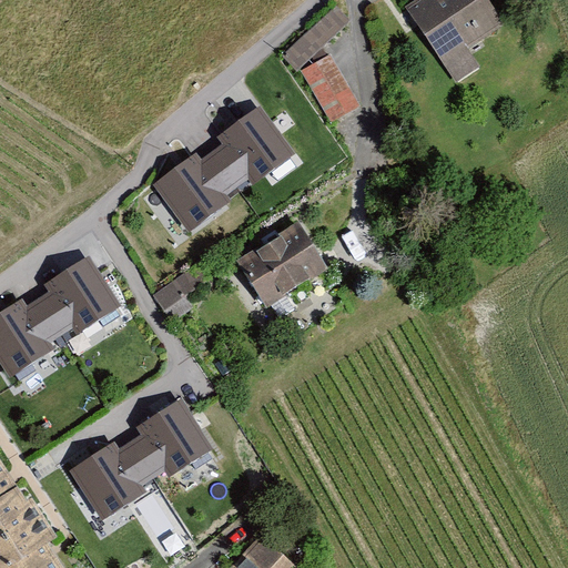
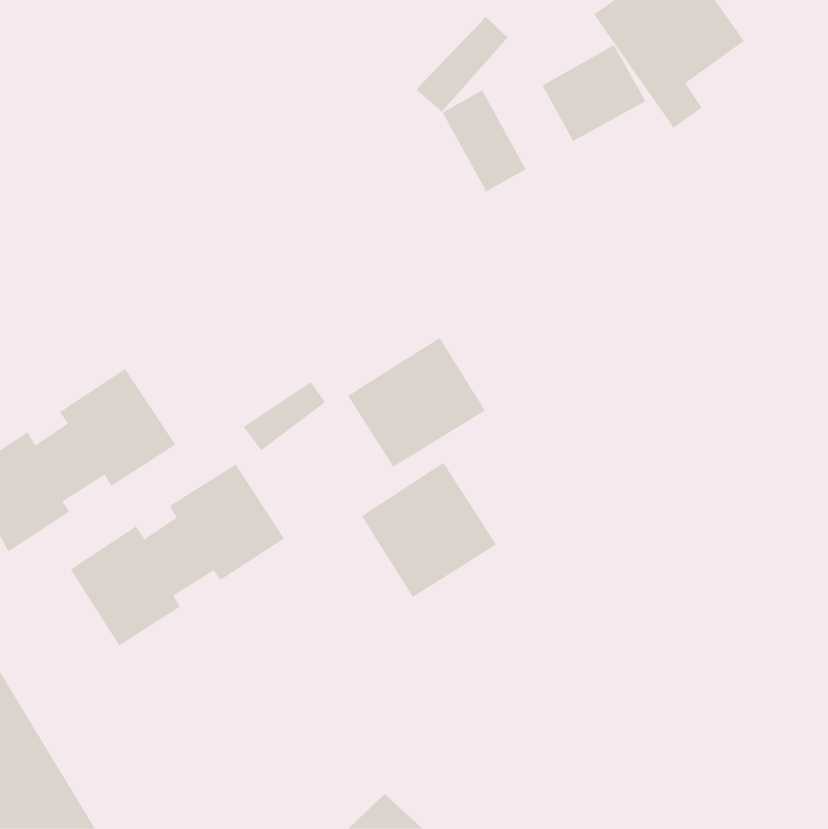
building: none -> [542,44,646,142]
building: [152,106,298,232] -> none
building: none -> [361,462,497,598]
building: [65,397,212,521] -> [70,464,285,646]

